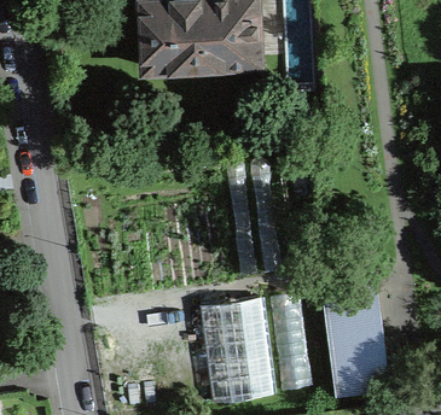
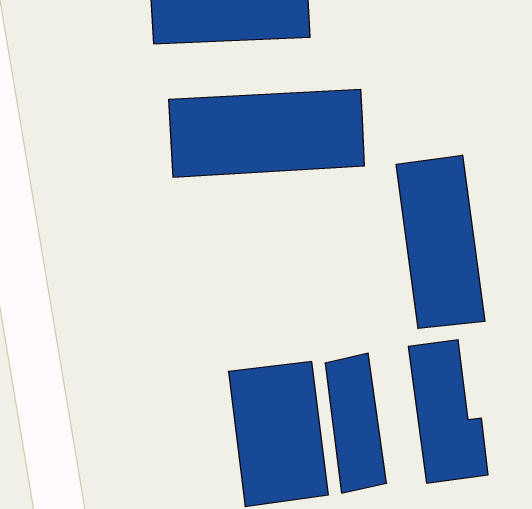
building: none -> [169,89,364,177]
building: none -> [396,155,485,329]

